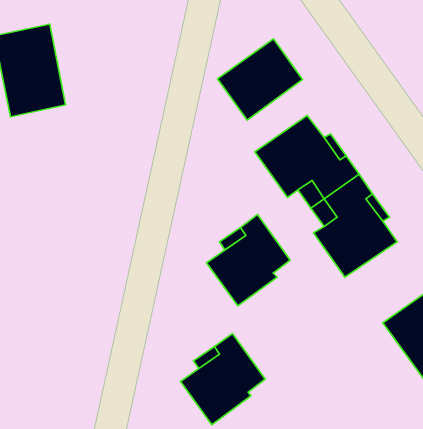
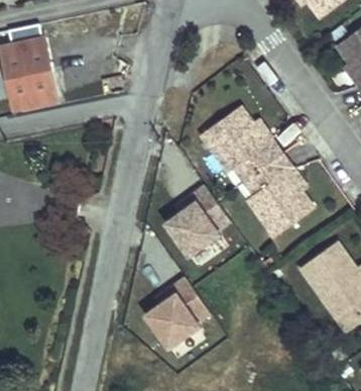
building: [218,39,302,120] -> none

